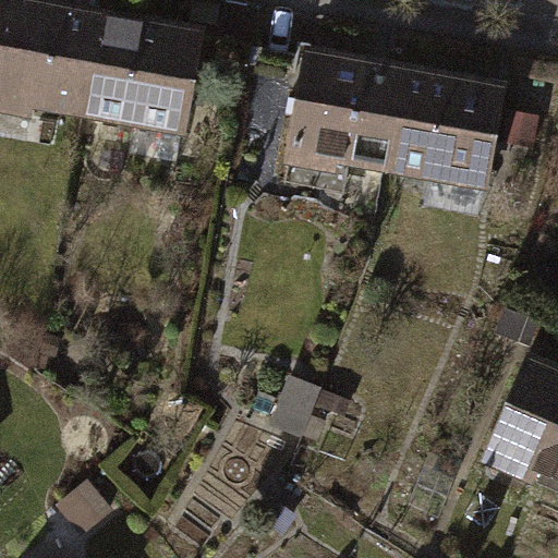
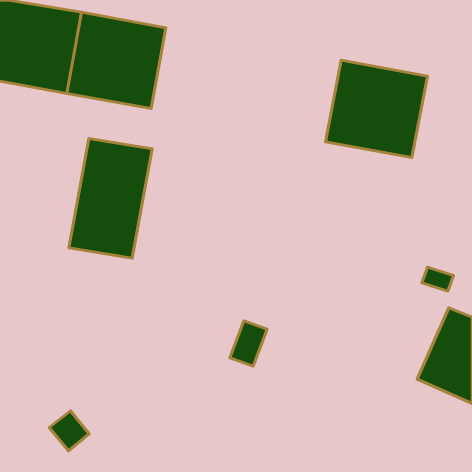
building: [286,54,401,169] -> none
building: none -> [69,138,152,258]

